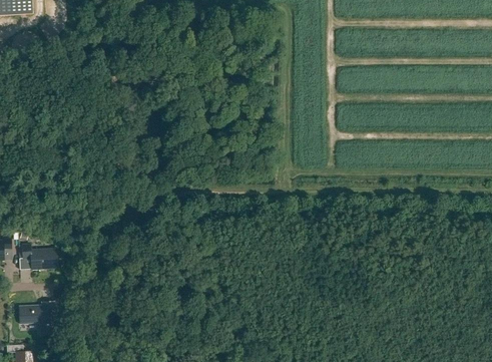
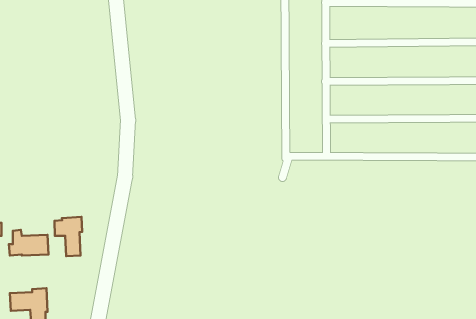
building: none -> [54,217,82,256]

